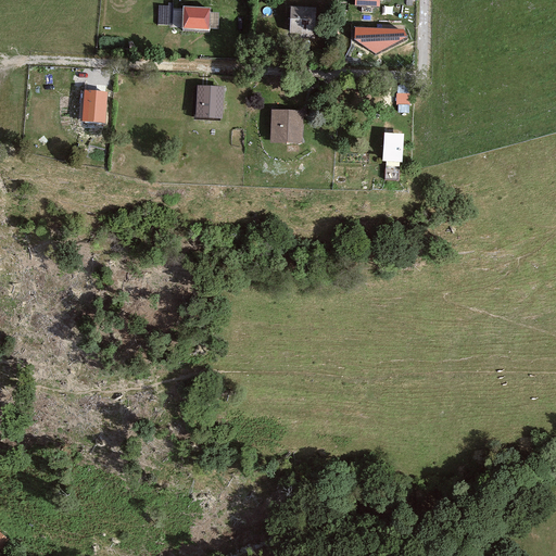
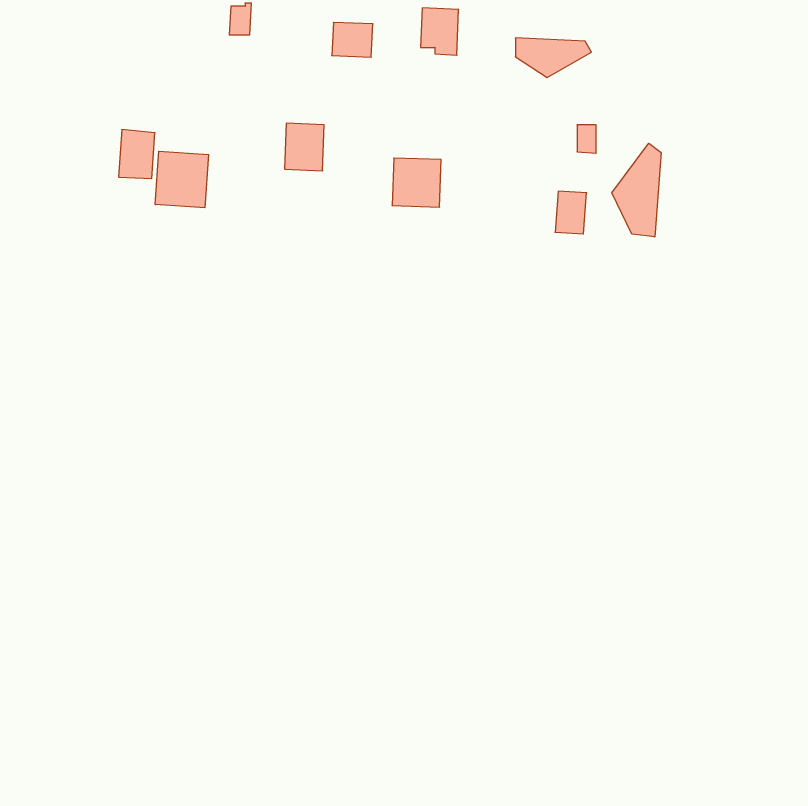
building: [181,5,210,29] -> [332,22,373,57]
building: none -> [612,143,661,237]
building: none -> [155,151,209,208]

